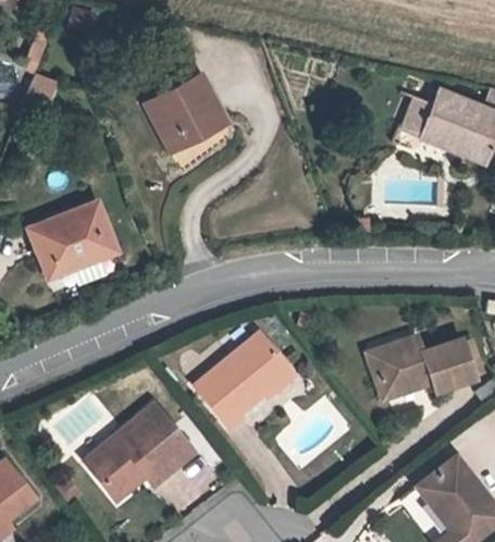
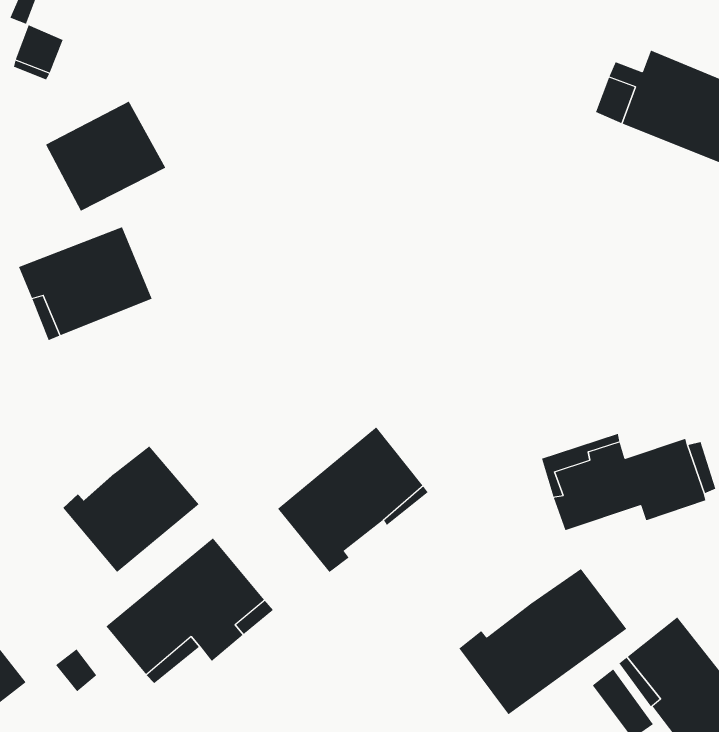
building: [146,76,224,148] -> [45,101,166,212]
building: none -> [63,446,200,573]
building: none -> [459,568,627,715]

